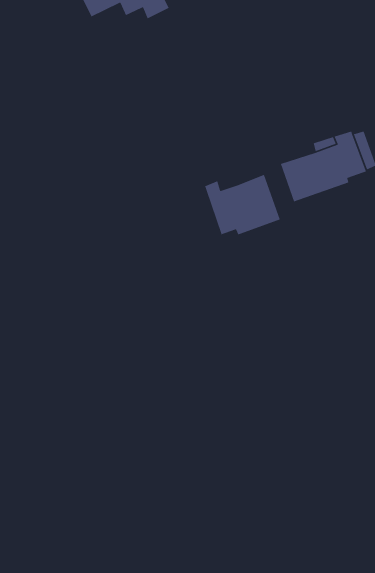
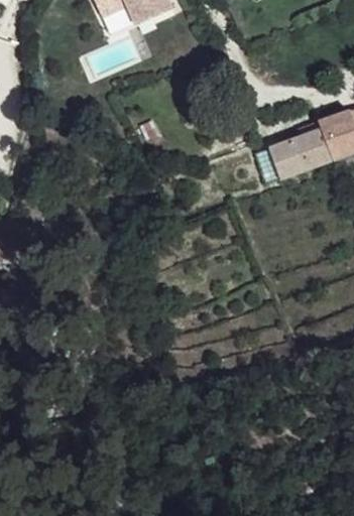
building: [204,174,281,236] -> none

